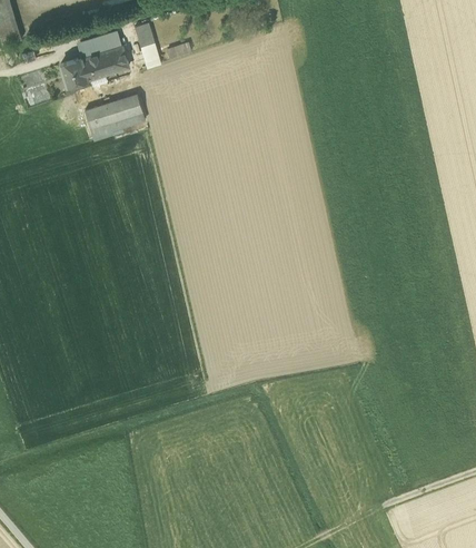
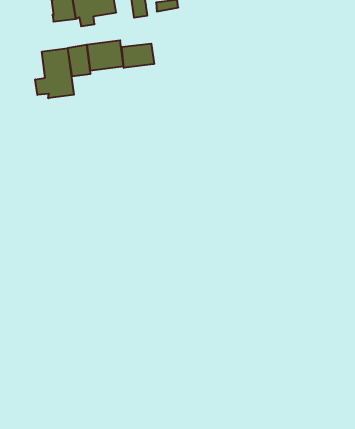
building: none -> [122,44,154,68]
building: none -> [35,48,74,98]

